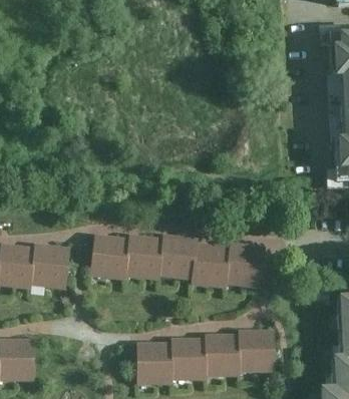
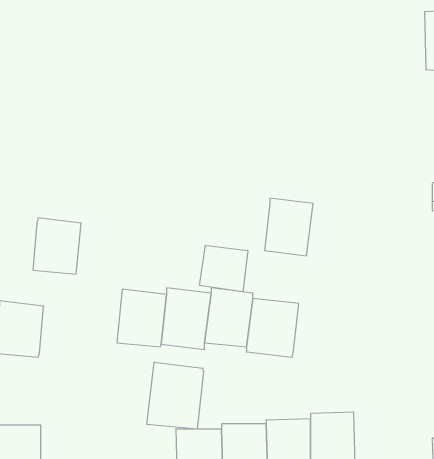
building: none -> [200,245,248,292]
building: [228,242,265,286] -> [265,198,313,256]
building: [33,244,70,287] -> [33,218,81,274]
building: none -> [147,362,203,429]

